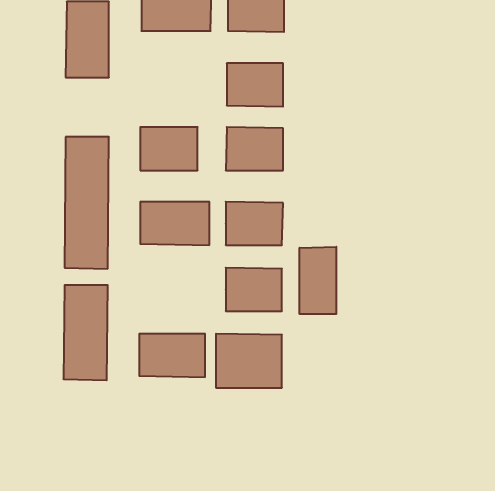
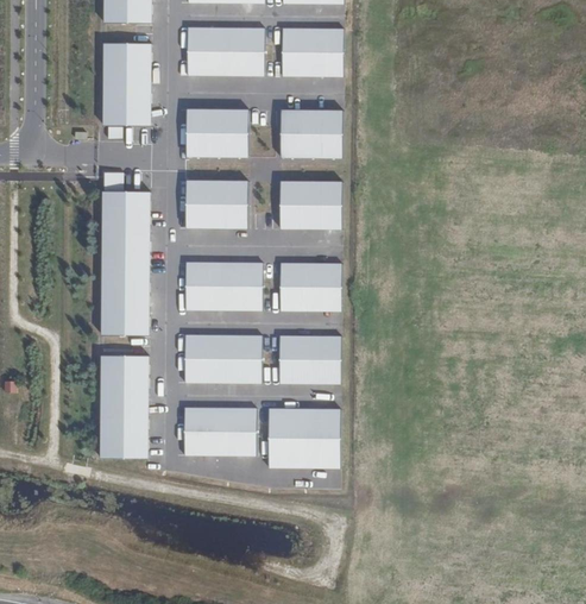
building: none -> [185,108,247,156]
building: [300,247,336,314] -> none
building: none -> [183,334,262,382]

